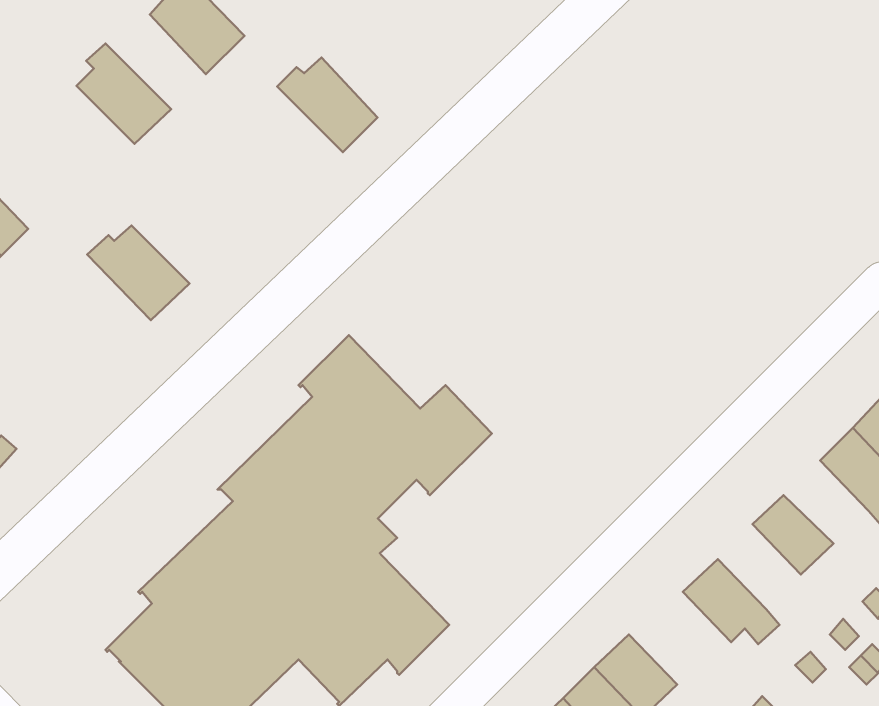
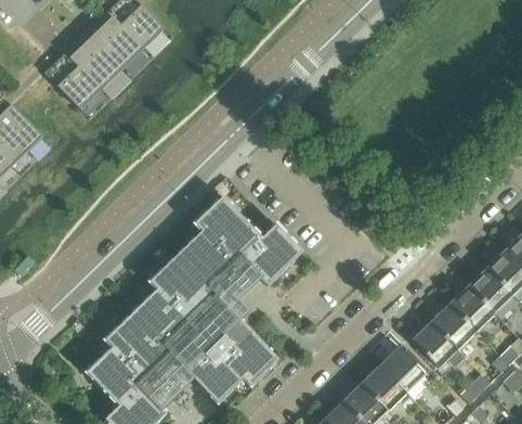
building: [277,58,378,152] -> [86,16,142,69]
building: [87,225,190,320] -> [44,56,102,110]
building: none -> [466,267,513,313]
building: none -> [429,303,475,350]
building: none -> [379,347,425,393]

